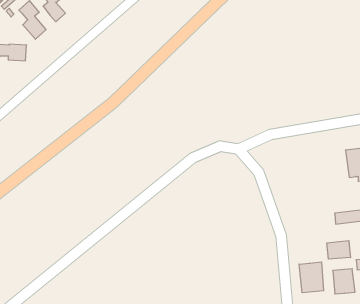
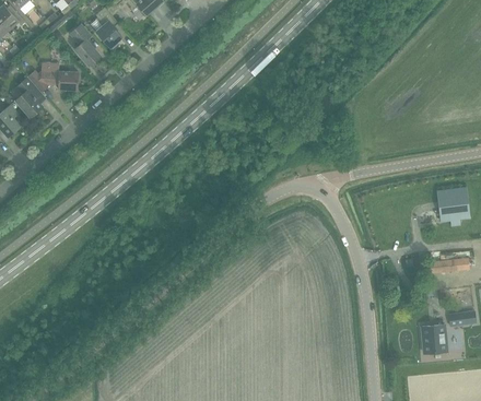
building: [327,241,350,259] -> none
building: [299,262,323,293] -> none

